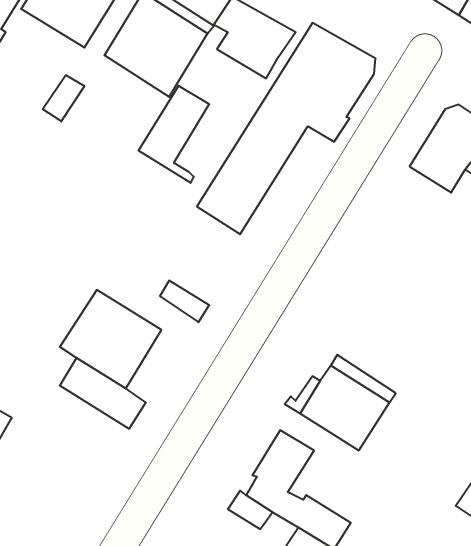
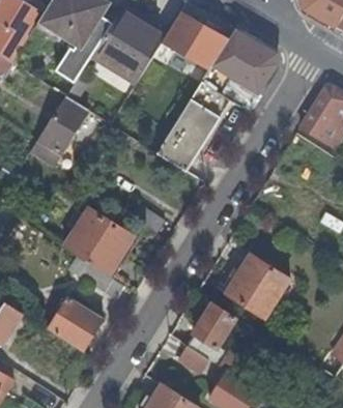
building: [138,86,209,183] -> [40,98,88,164]
building: none -> [48,298,102,352]

